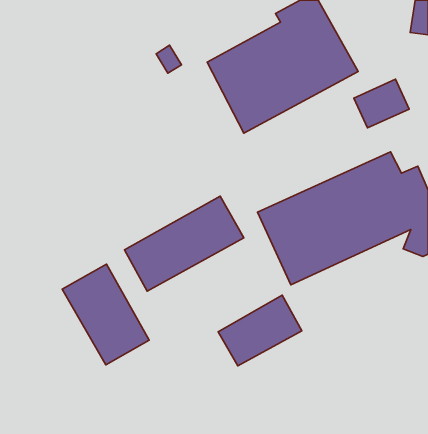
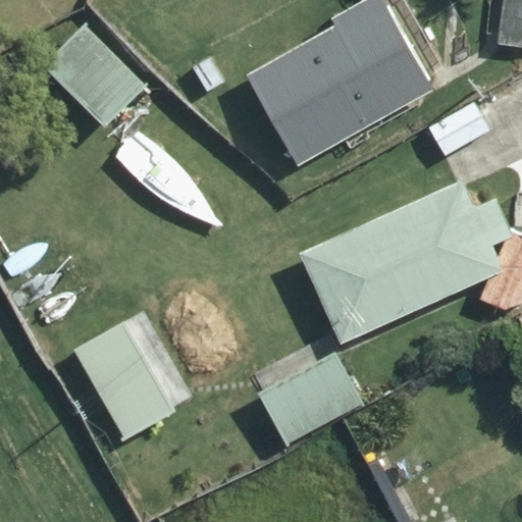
building: none -> [42,19,156,139]
building: [124,196,244,291] -> none

